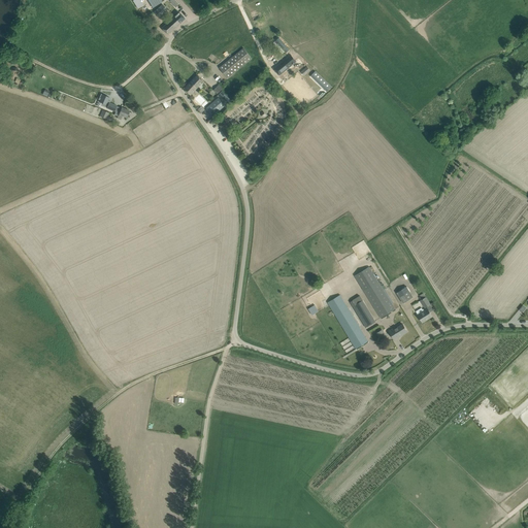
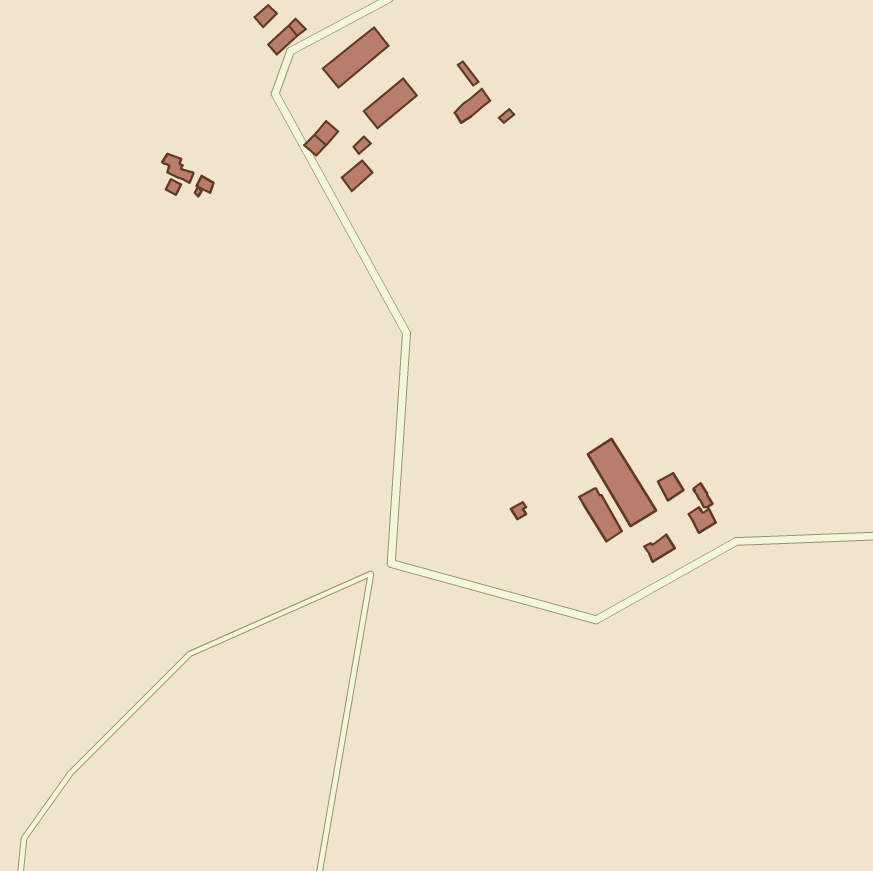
building: none -> [323,27,389,88]
building: [328,294,368,348] -> none

